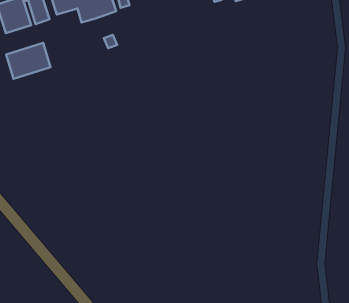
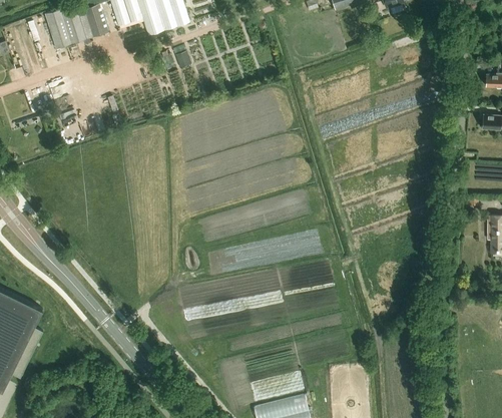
building: [6,43,51,79] -> none

